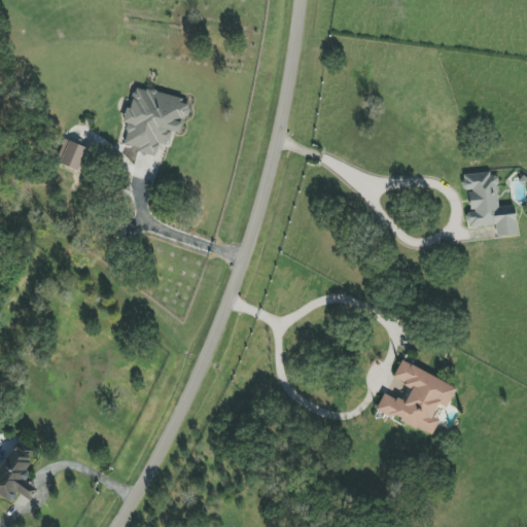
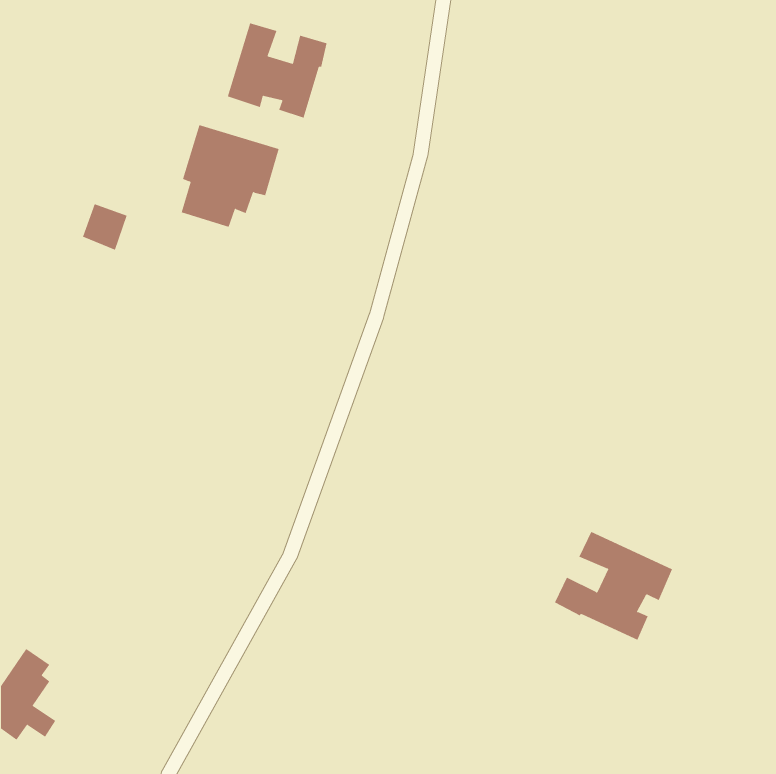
building: none -> [227,22,327,118]
building: [462,171,518,236] -> none

